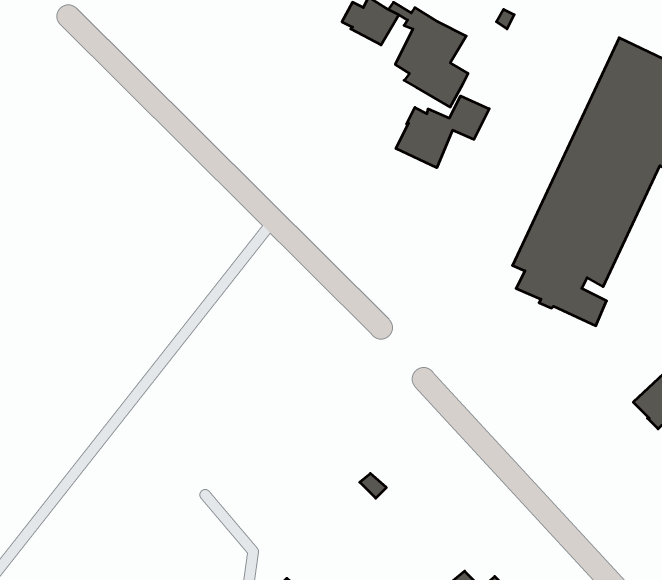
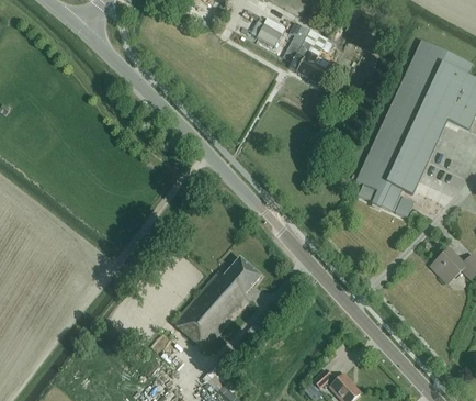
building: [396,96,489,168] -> none
building: none -> [173,257,260,349]

